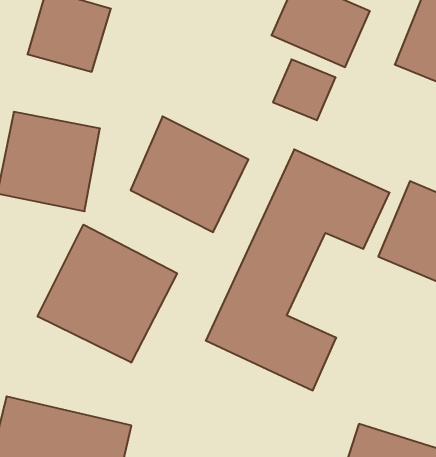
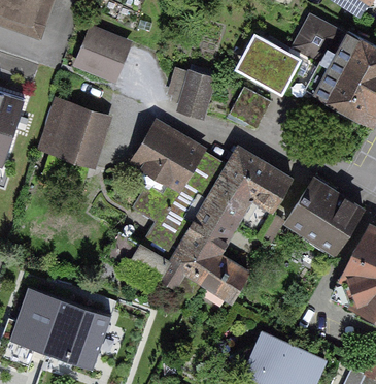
building: none -> [174,65,217,120]
building: [38,225,177,363] -> none

